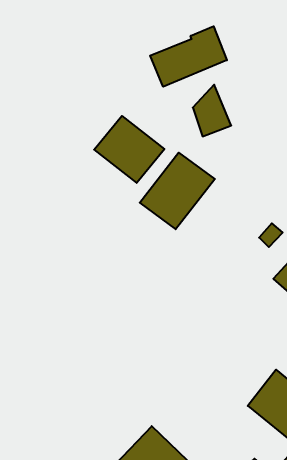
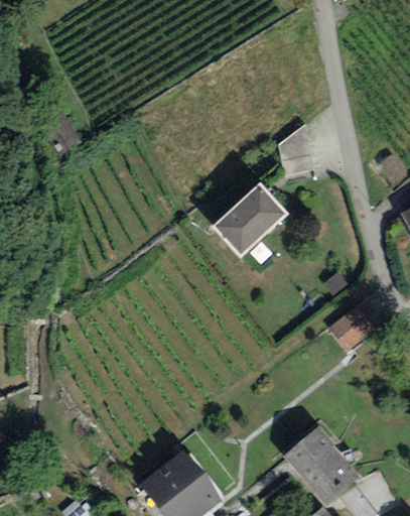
building: [150,26,227,87] -> none
building: [94,116,164,183] -> none

